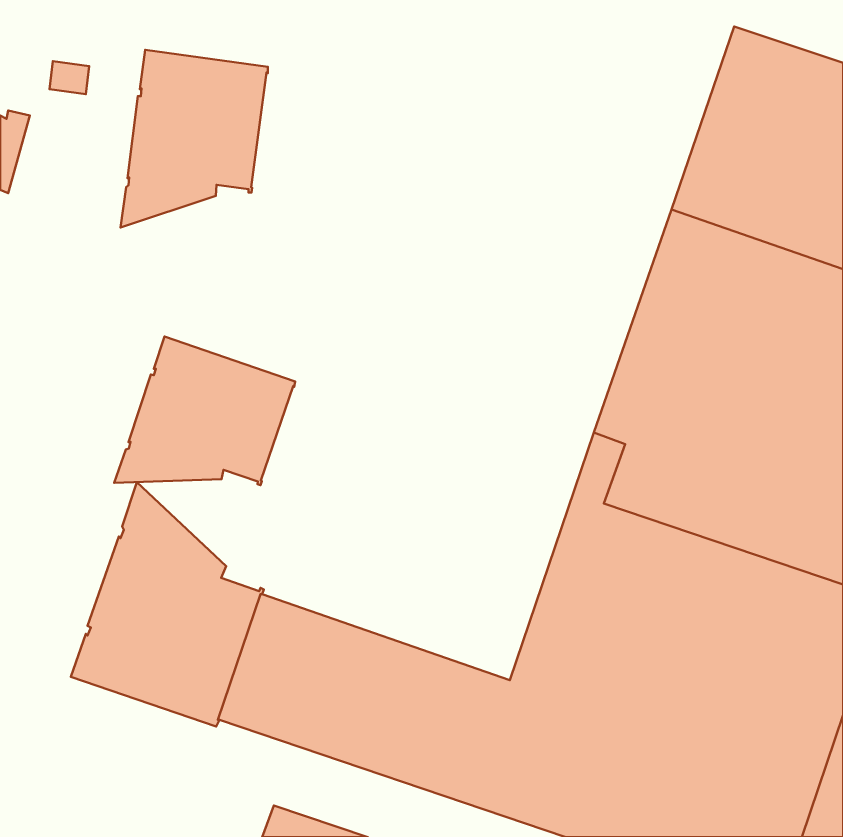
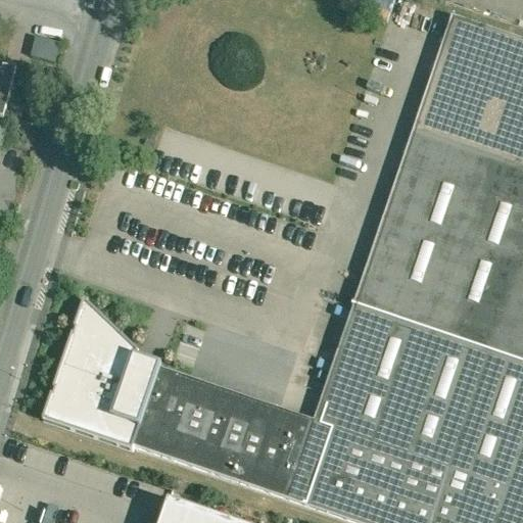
building: [120,50,268,228] -> none
building: [114,337,295,485] -> none

